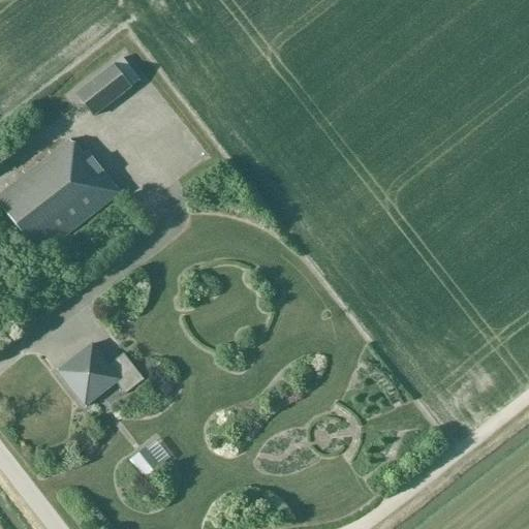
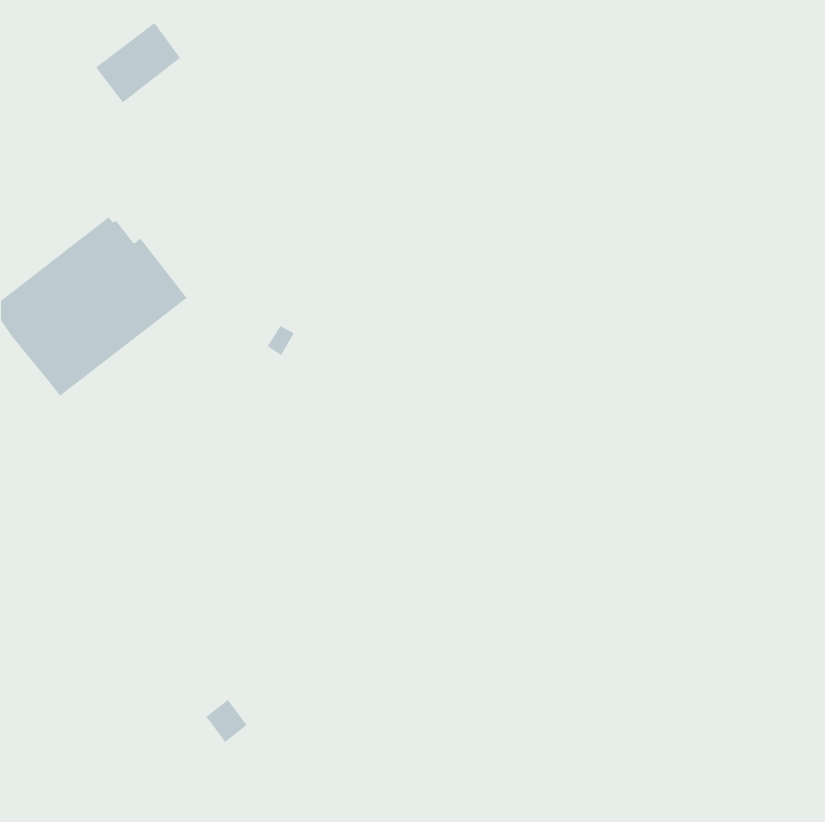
building: [76,63,131,115] -> [95,22,181,103]
building: [58,342,145,405] -> none

